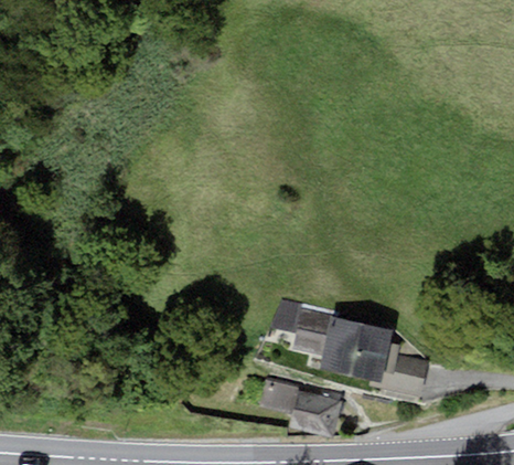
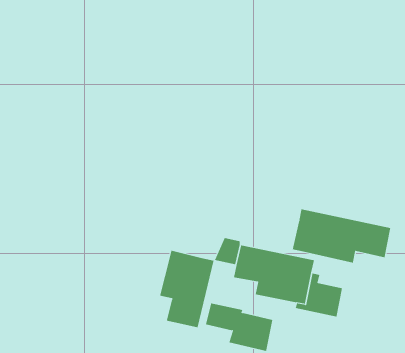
building: none -> [292,208,391,263]
building: none -> [160,250,214,328]

